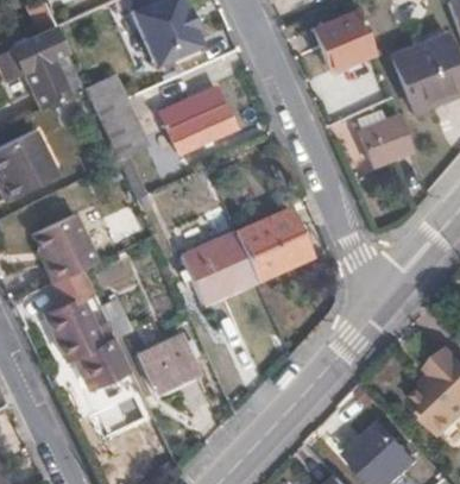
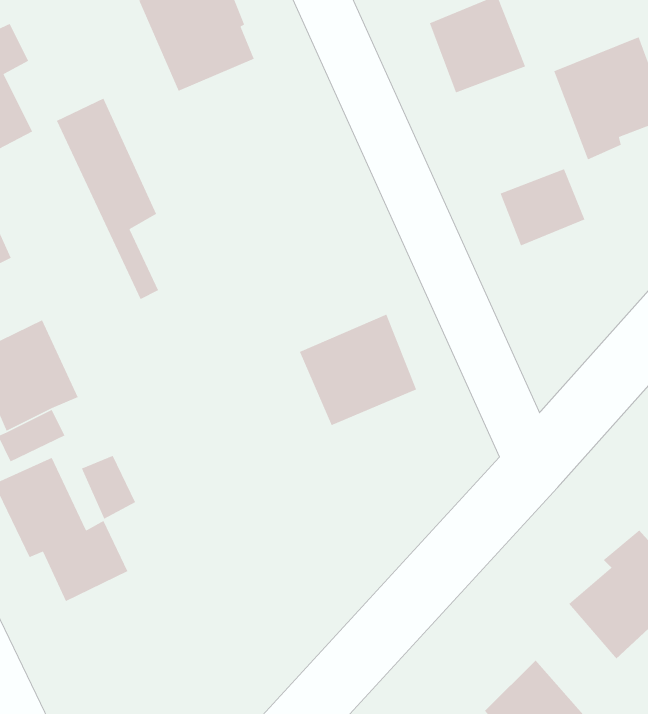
building: [158,84,233,152] -> none
building: [182,232,254,302] -> none
building: [137,334,196,391] -> none

